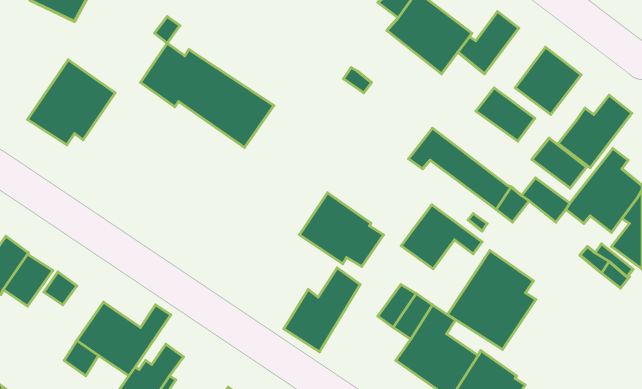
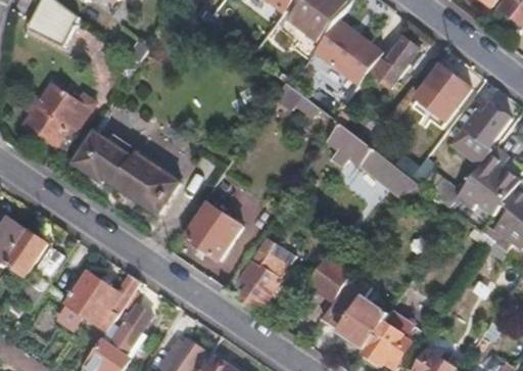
building: [140,43,274,147] -> [73,131,180,215]
building: [476,88,535,141] -> none
building: [532,138,586,188] -> none
building: [300,193,383,266] -> [184,202,251,262]
building: [401,205,482,269] -> none
building: [448,250,536,350] -> none

